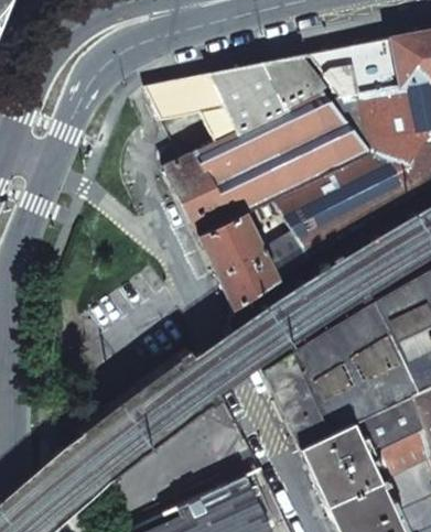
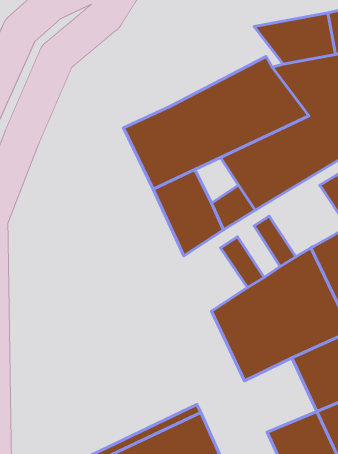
building: [146,54,328,142] -> none
building: [342,234,396,297] -> none
building: [300,421,380,503] -> none

